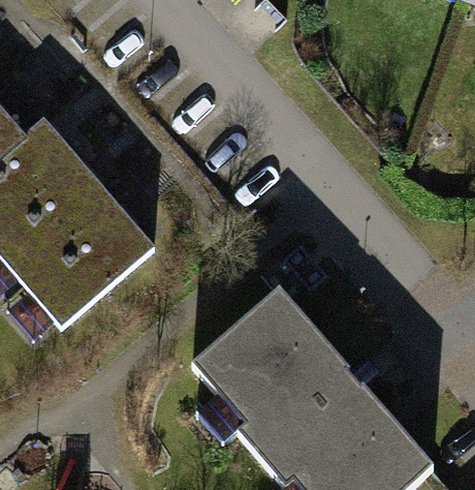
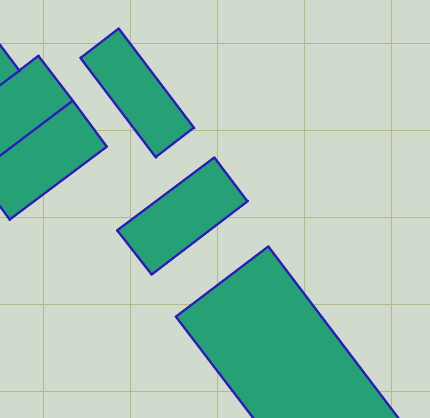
building: none -> [81,29,194,157]
building: [26,204,151,321] -> [117,158,248,274]

